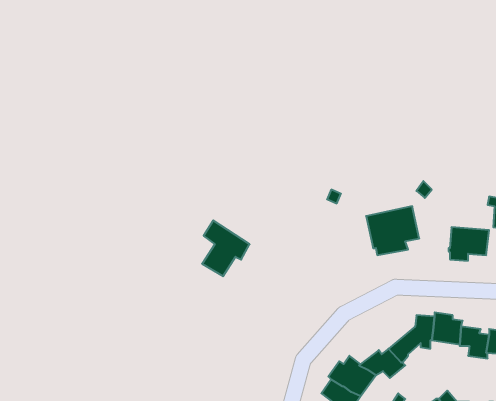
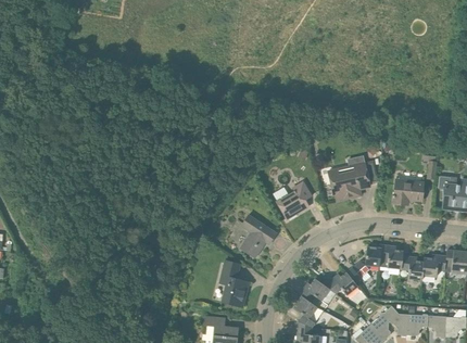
building: [202,220,250,276] -> [239,214,276,257]
building: none -> [275,181,311,219]
building: none -> [218,261,248,306]

